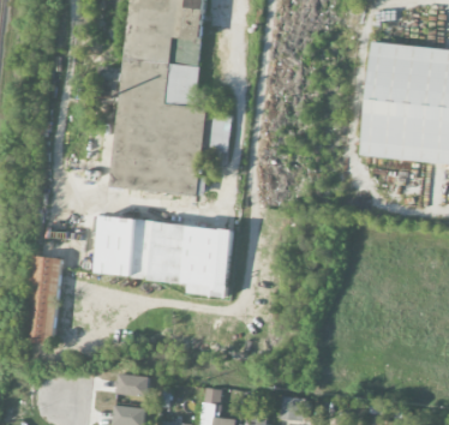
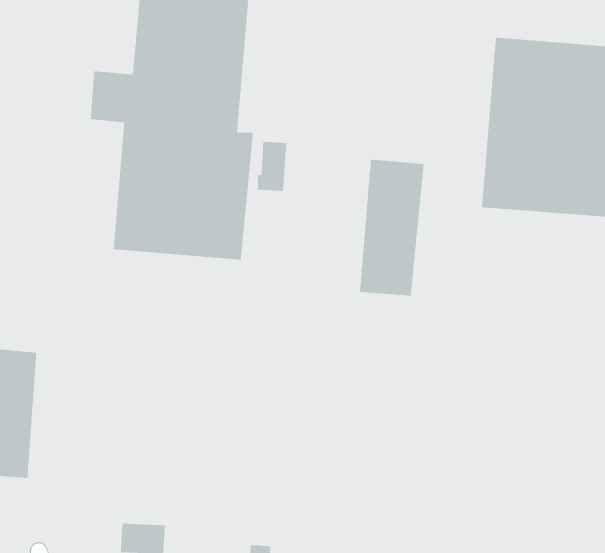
building: none -> [359,159,424,297]
building: [96,216,228,298] -> none

